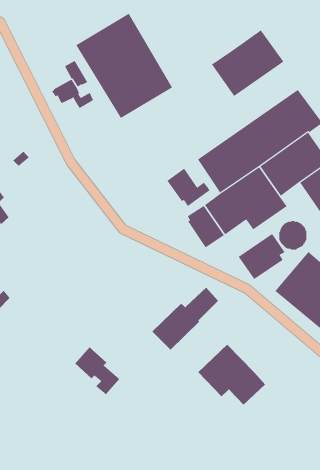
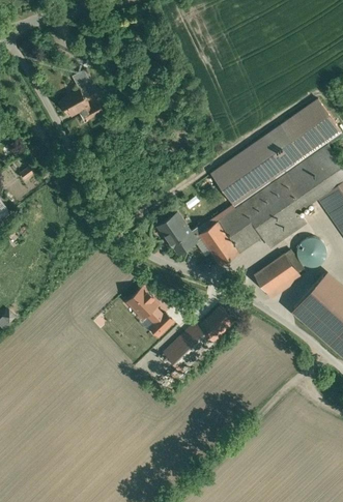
building: [76,13,173,119] -> none
building: [211,29,284,97] -> none
building: [167,168,210,207] -> [156,213,202,254]
building: [197,344,266,406] -> none
building: [75,347,120,395] -> [127,287,175,337]

